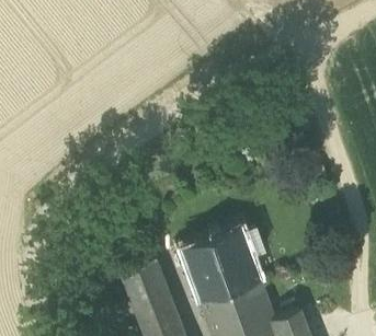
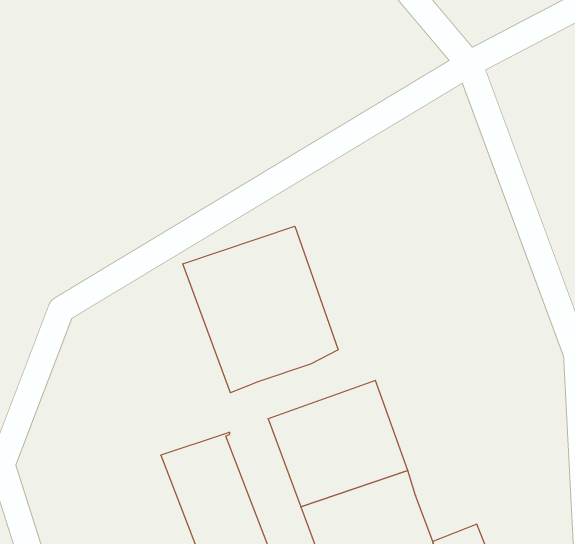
building: none -> [183,226,338,393]

